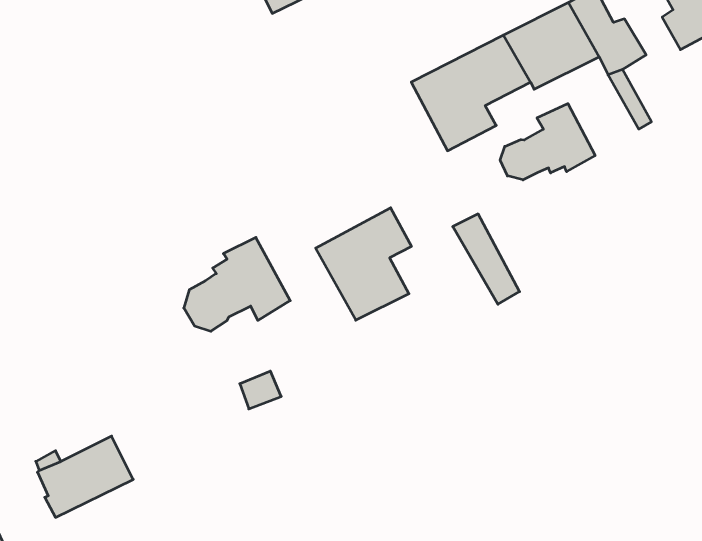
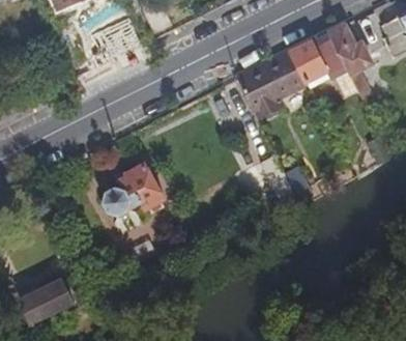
building: [500,104,595,180] -> none
building: [316,208,411,320] -> none

